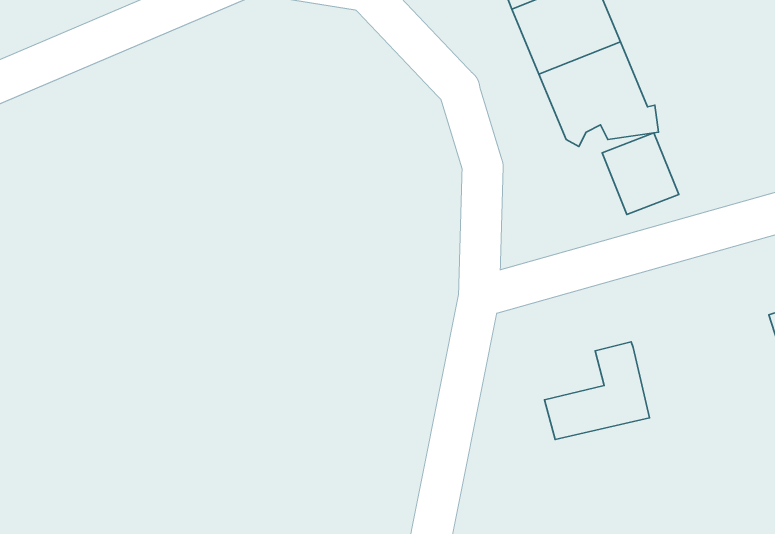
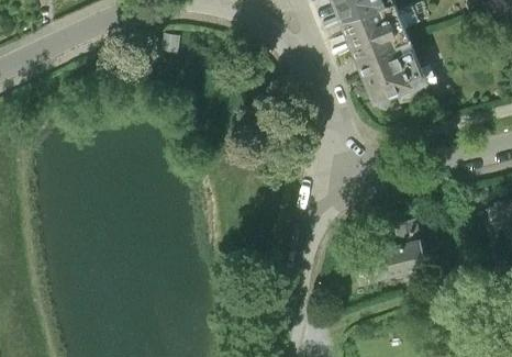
building: [602,133,679,214] -> none

